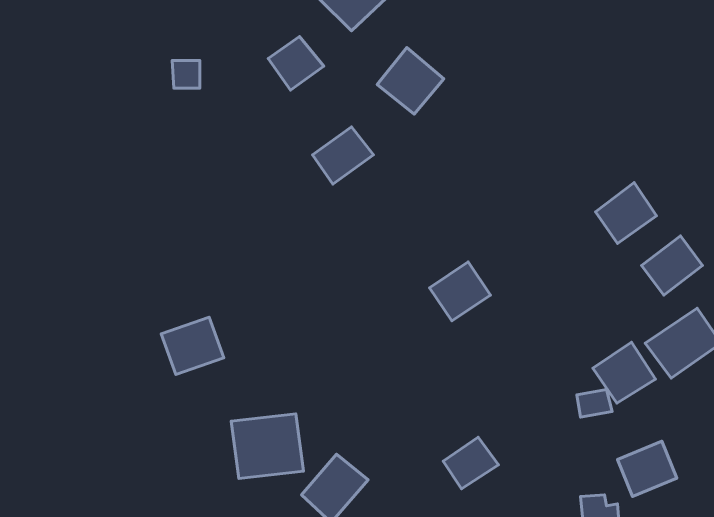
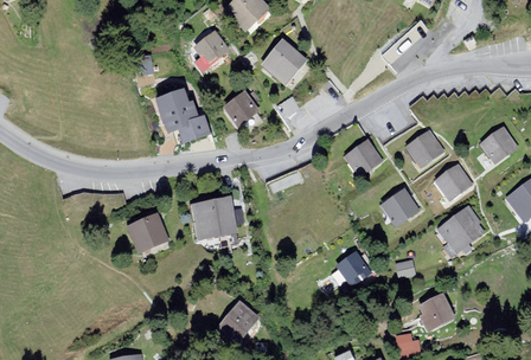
building: none -> [162,92,201,131]
building: [430,262,491,321] -> [345,140,384,178]
building: [593,342,656,403] -> [382,187,422,226]
building: [231,414,303,479] -> [194,198,241,239]
building: [443,437,499,489] -> [333,253,369,287]

